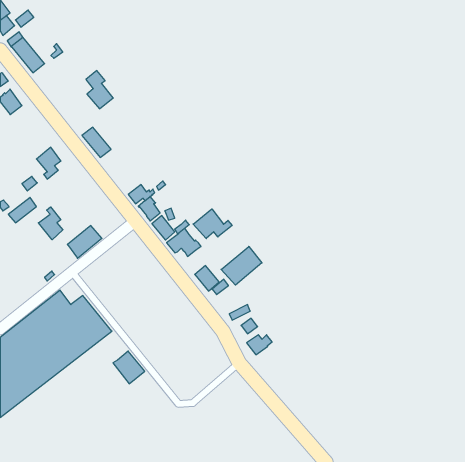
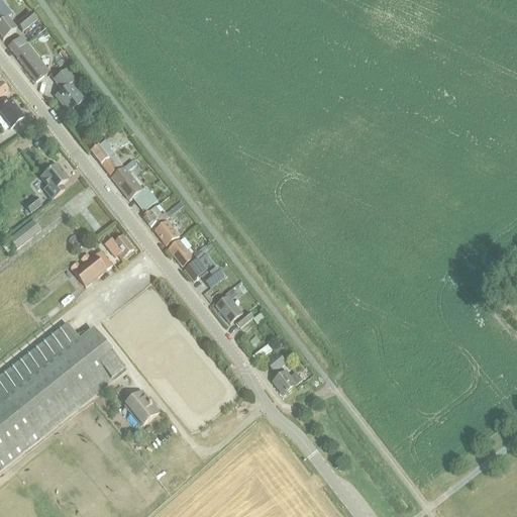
building: [86,71,113,109] -> [54,69,84,111]
building: none -> [112,160,143,200]
building: [38,207,63,240] -> none
building: [193,209,232,239] -> none
building: none -> [105,235,134,258]
building: [221,246,262,285] -> none

